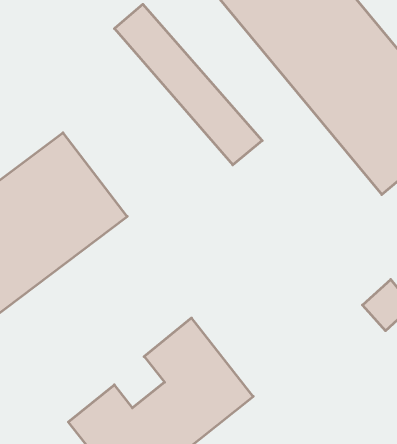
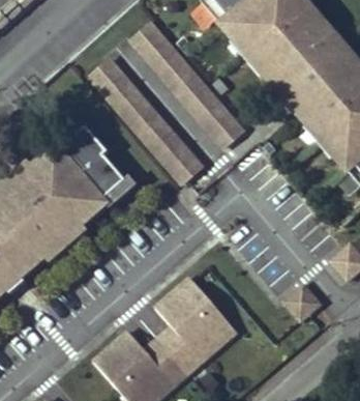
building: none -> [86,58,206,185]
building: none -> [280,281,323,323]

